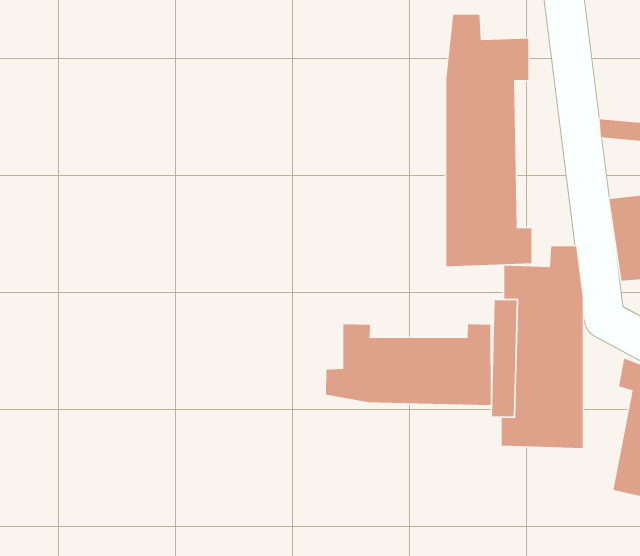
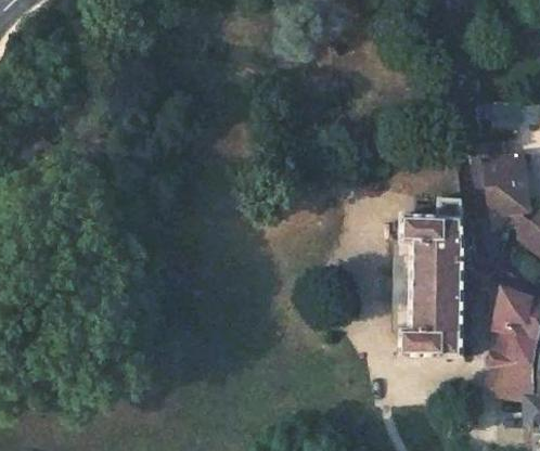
building: [445,14,532,267] -> none
building: [325,323,491,406] -> none

